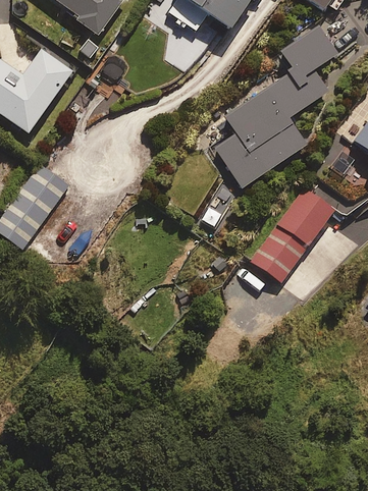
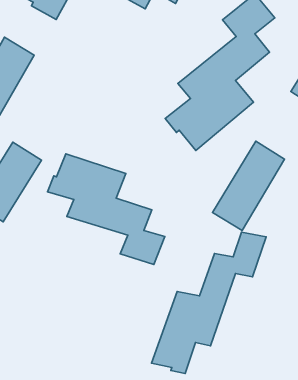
building: none -> [48,154,165,264]
building: none -> [151,232,266,373]

